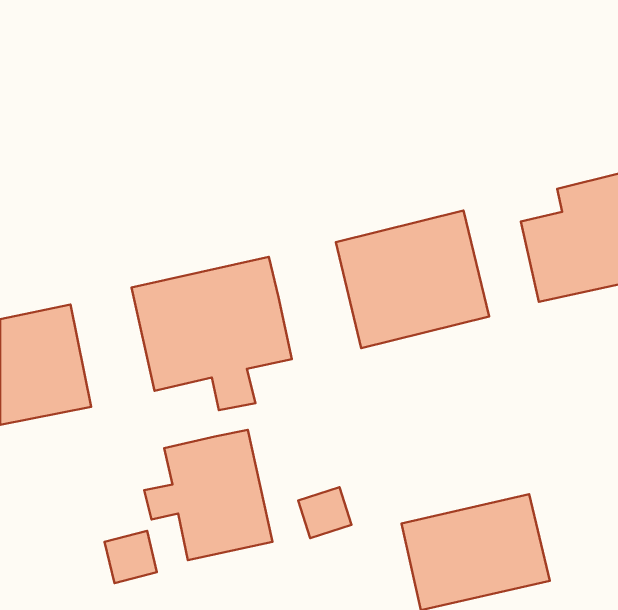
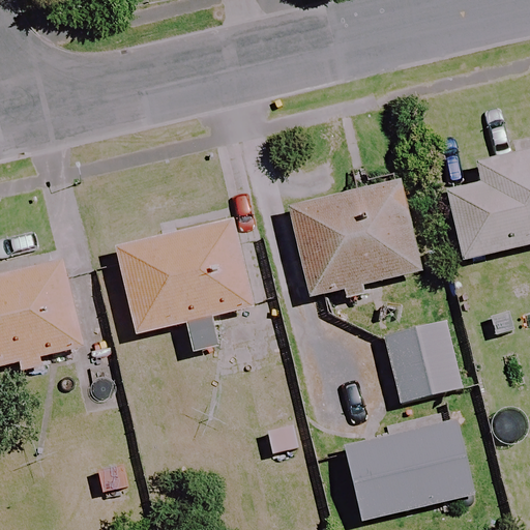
building: none -> [382,319,464,401]
building: [144,430,273,560] -> none

